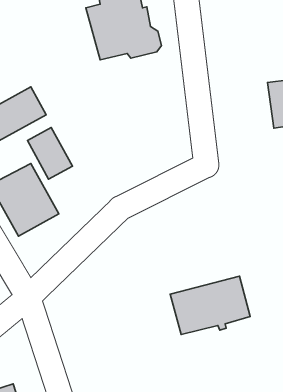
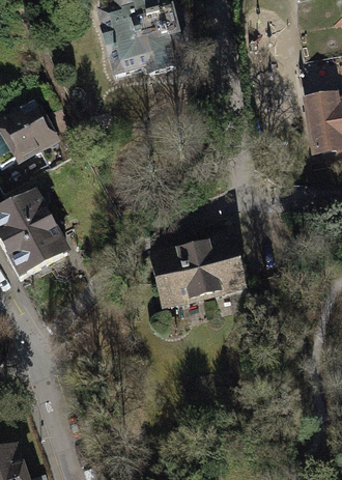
building: [28,128,72,179] -> none
building: [170,276,250,335] -> [151,237,244,305]

